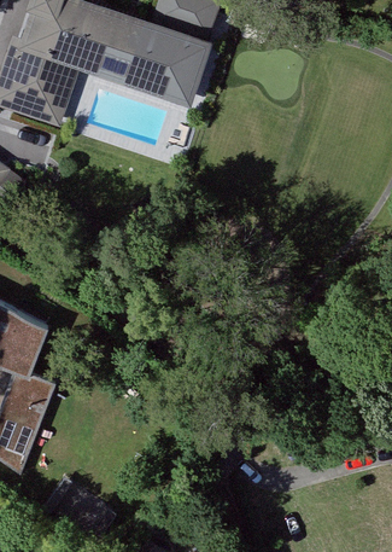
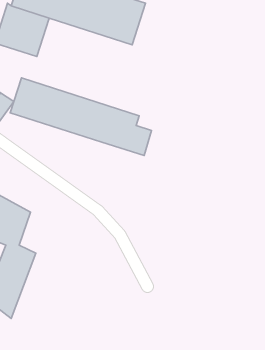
building: none -> [10,78,152,155]

